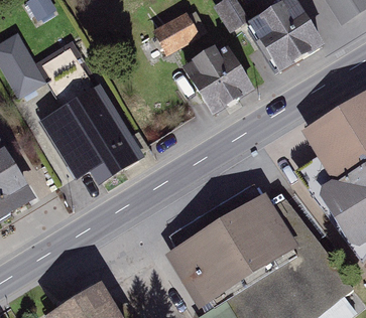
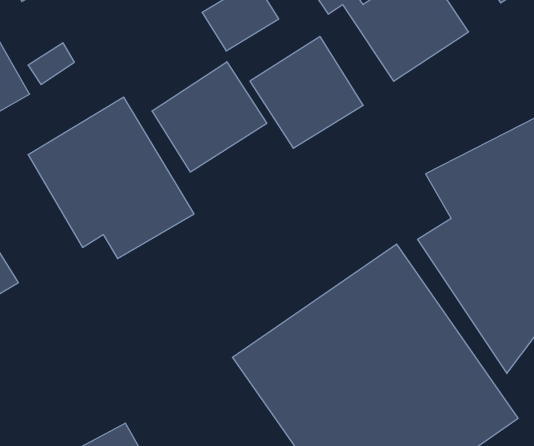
building: none -> [152,62,267,172]

